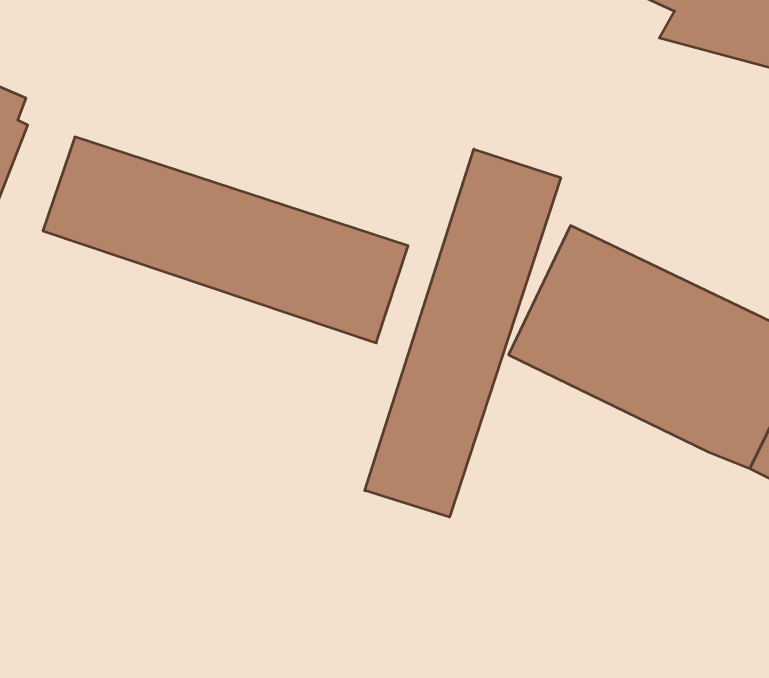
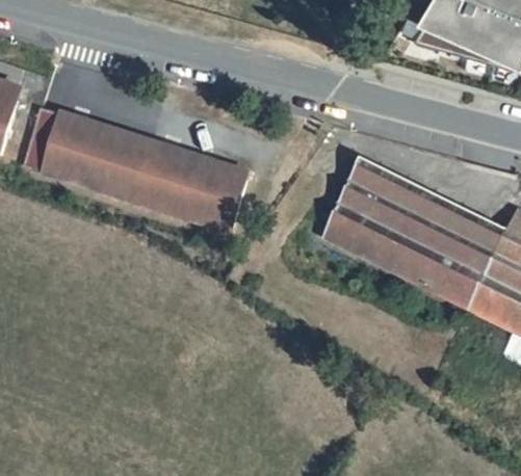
building: [365,149,561,517] -> none

